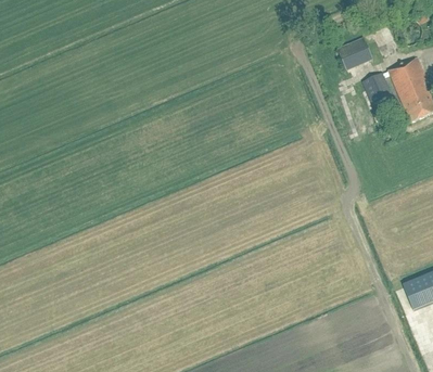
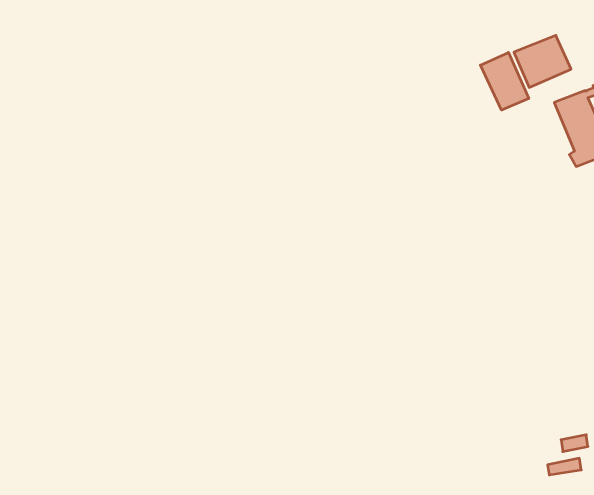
building: none -> [480,52,529,110]

